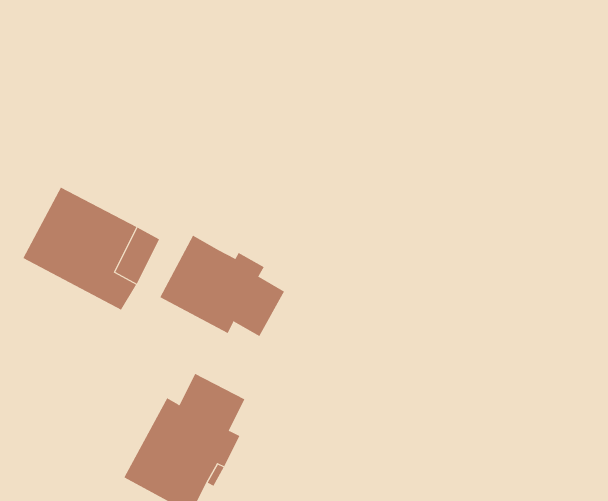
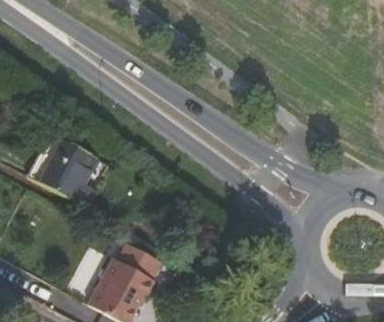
building: [159,235,285,337] -> none

